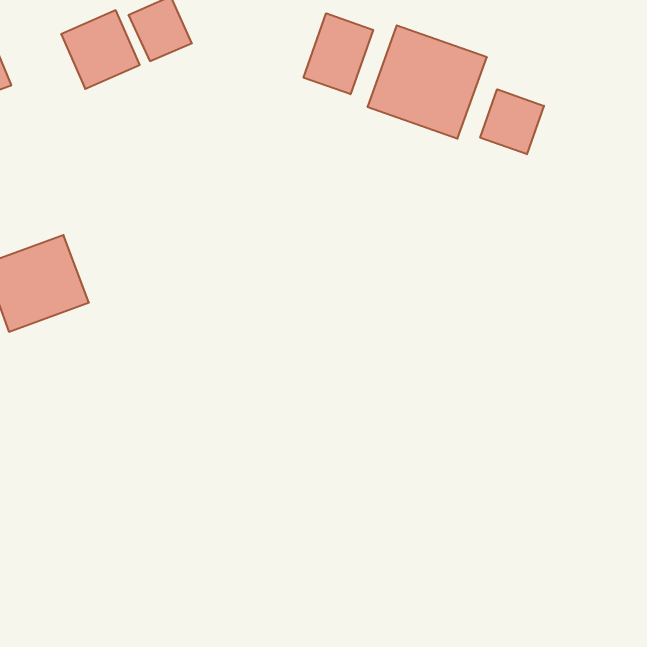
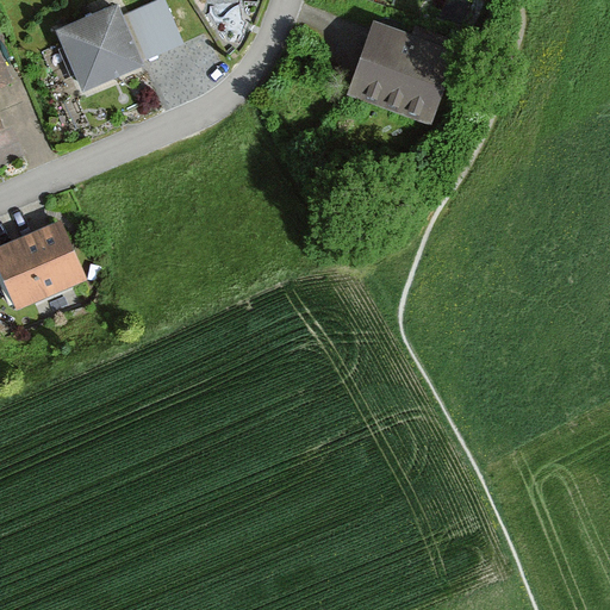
building: [304,13,373,94] -> none
building: [480,89,544,154] -> none

